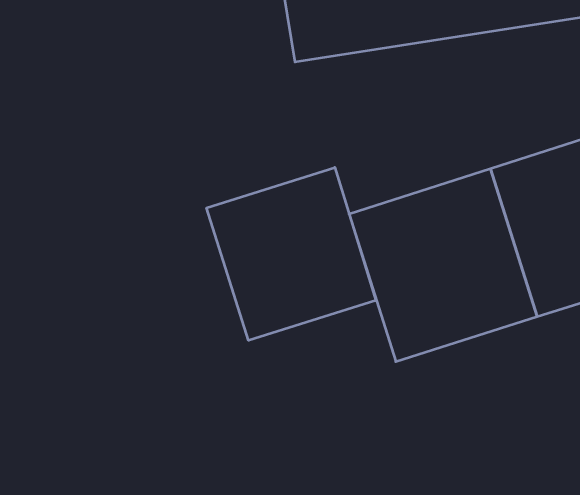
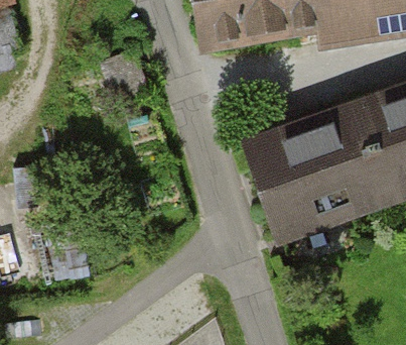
building: [207,167,376,340] -> none

